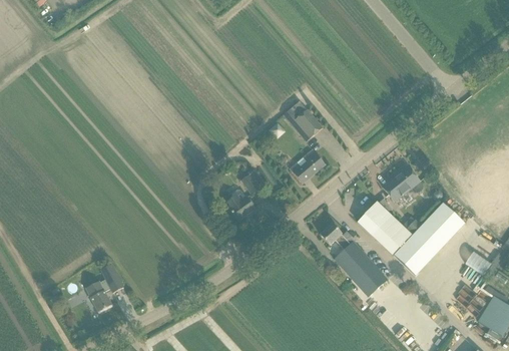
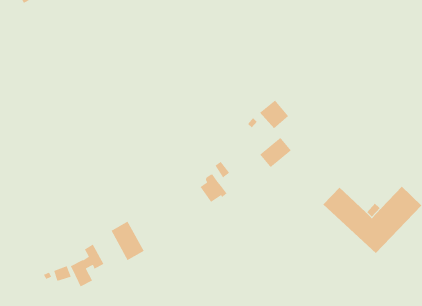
building: [382,166,422,201] -> none
building: [320,223,387,296] -> none
building: none -> [110,220,145,261]

